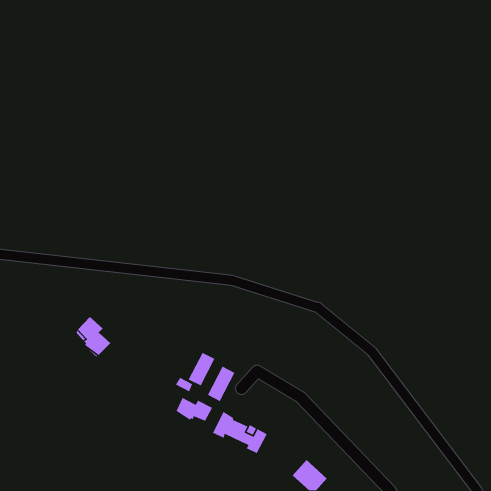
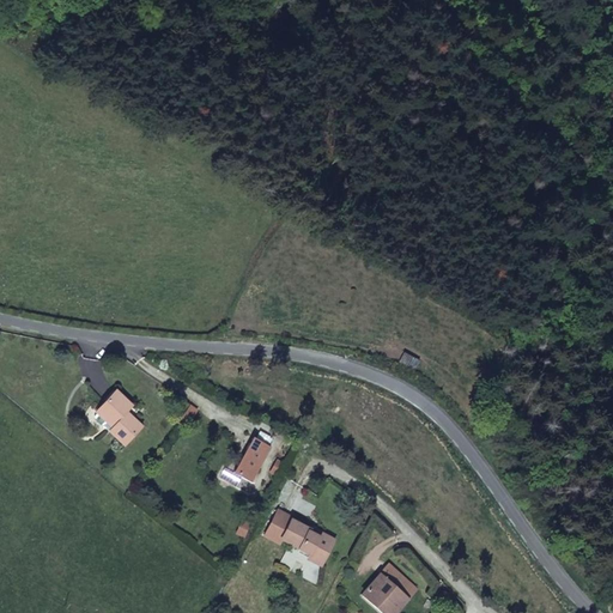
building: [207,365,235,402] -> none
building: [175,397,213,422] -> none

